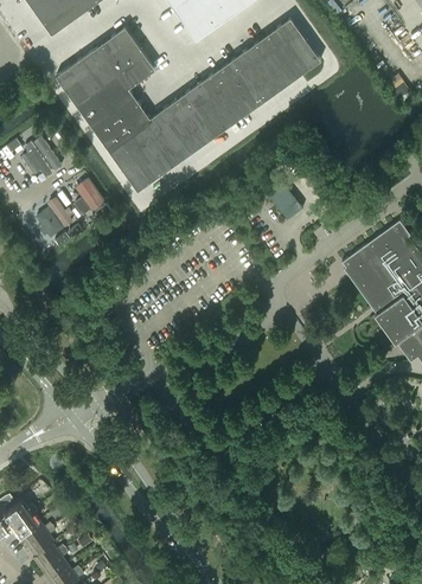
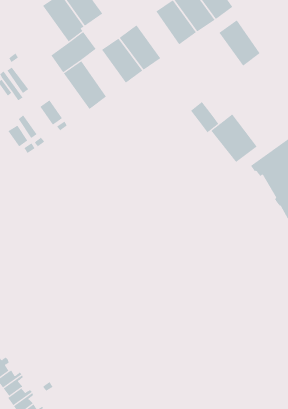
building: [56,60,111,123] -> none
building: [198,68,251,127] -> [219,20,261,66]
building: [128,115,184,175] -> none
building: none -> [210,114,258,163]

